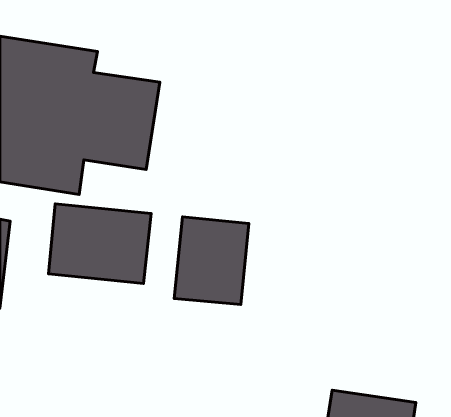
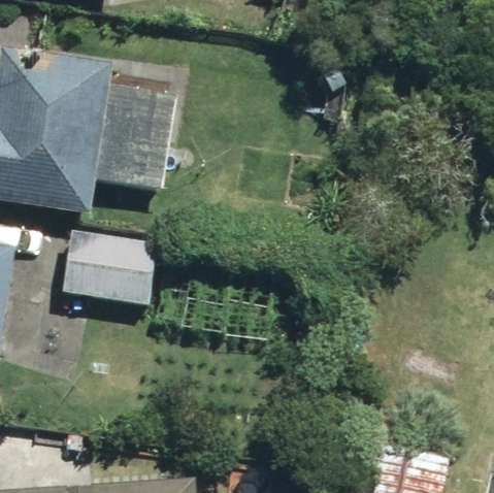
building: [174,217,249,304] -> none

